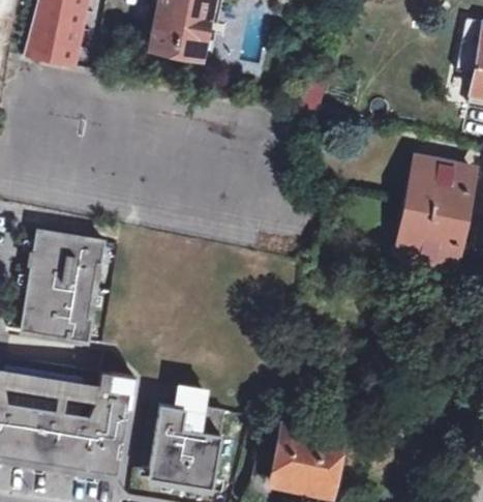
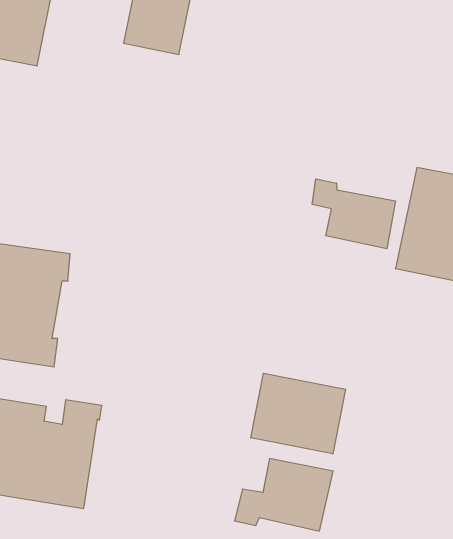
building: none -> [312,179,395,249]
building: none -> [251,373,345,454]
building: [147,387,224,486] -> none

